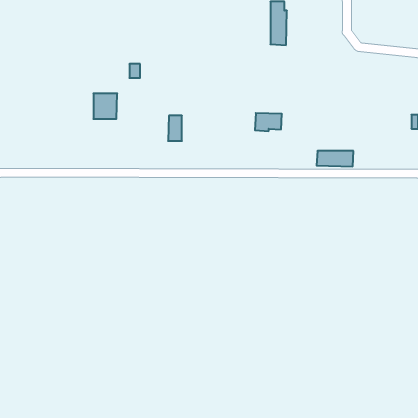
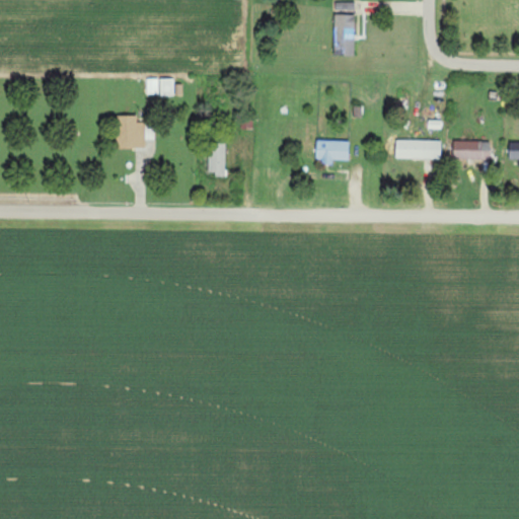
building: none -> [453,142,490,161]
building: [317,151,353,166] -> [395,141,441,160]

